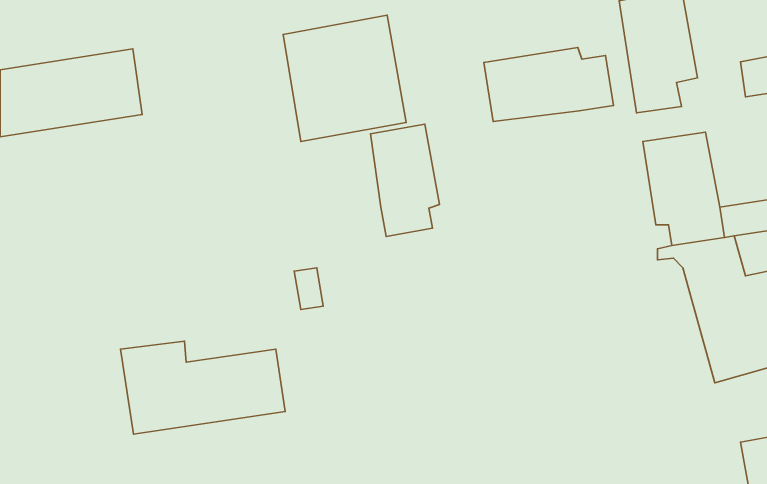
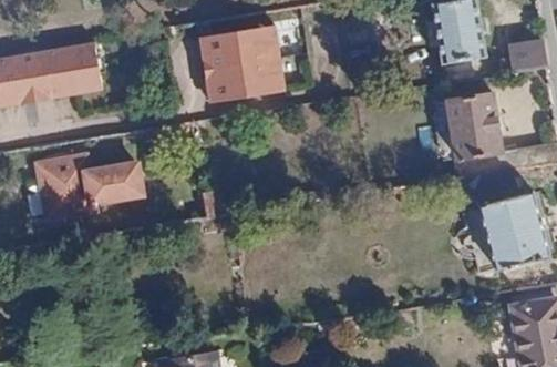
building: [484,48,613,122] -> none
building: [370,124,439,237] -> none
building: [121,341,285,434] -> [35,154,149,218]

